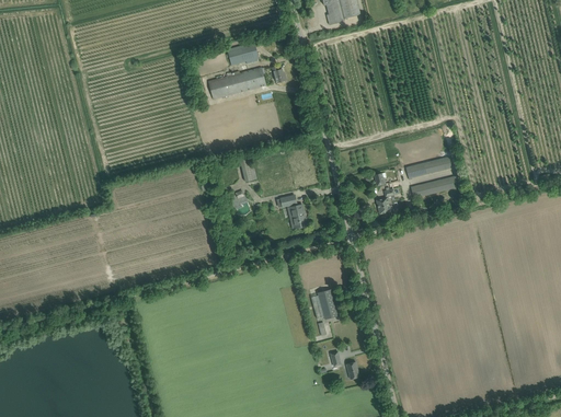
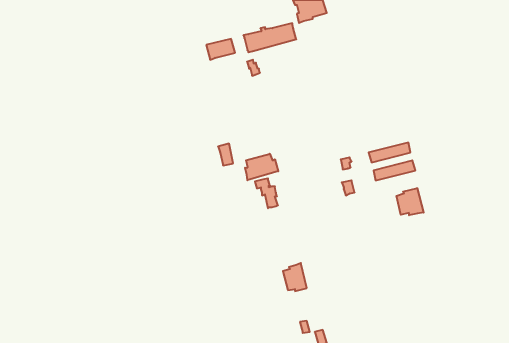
building: [208,68,266,100] -> [243,23,296,52]
building: none -> [245,154,278,180]
building: none -> [396,188,424,215]

